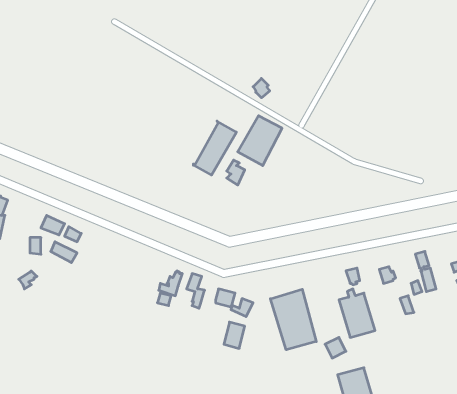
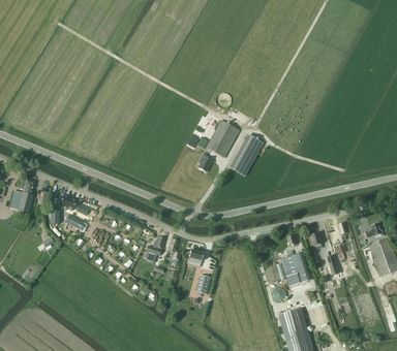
building: [193,121,236,175] -> [231,135,263,176]
building: [270,289,316,350] -> none

